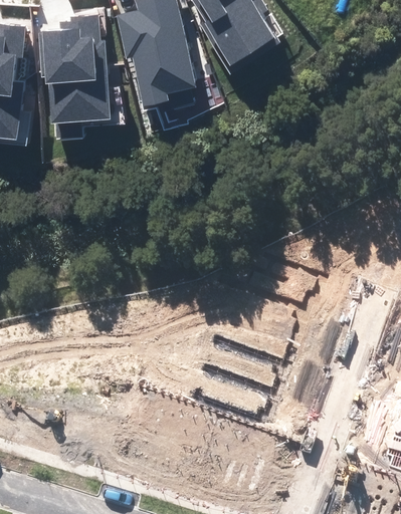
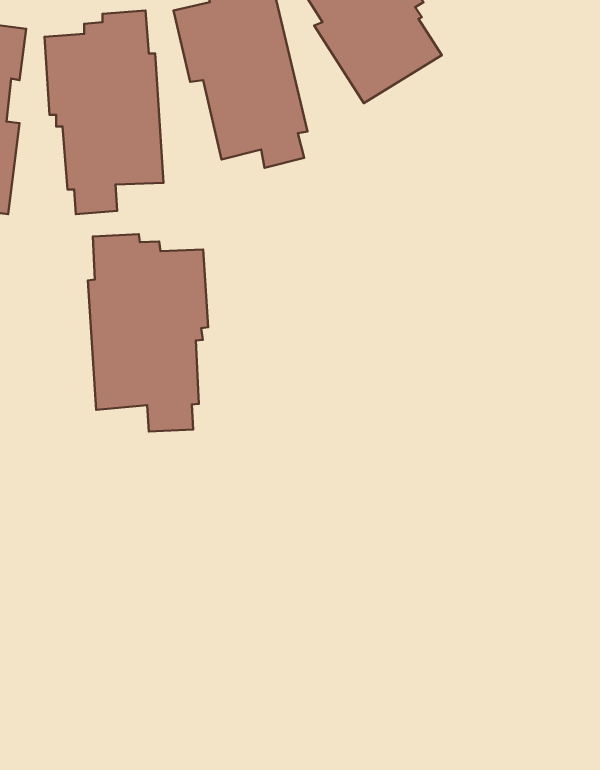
building: none -> [88,234,208,432]

